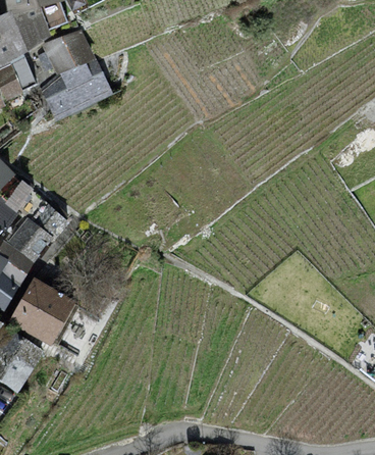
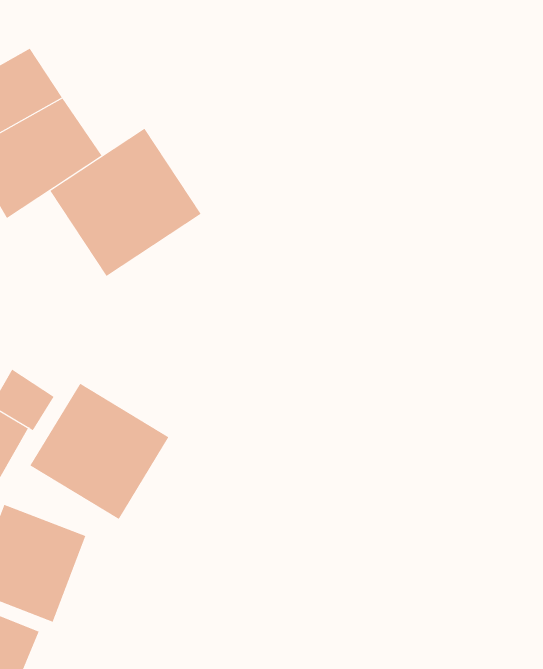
building: none -> [50,128,201,277]
building: none -> [30,383,169,520]

